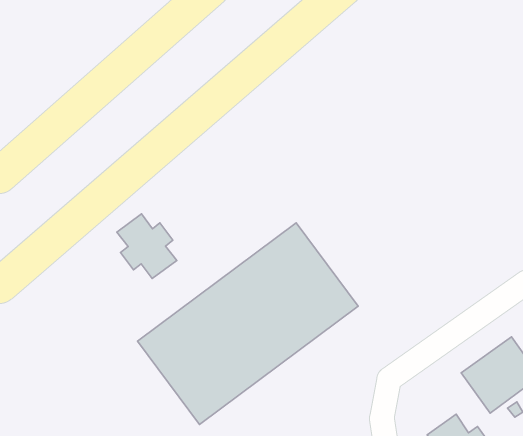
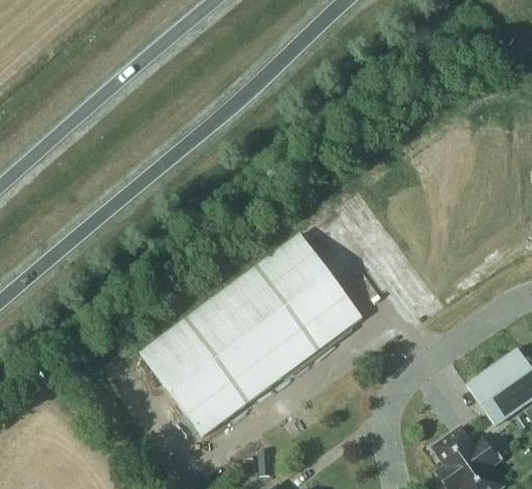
building: [117,214,177,279] -> none

